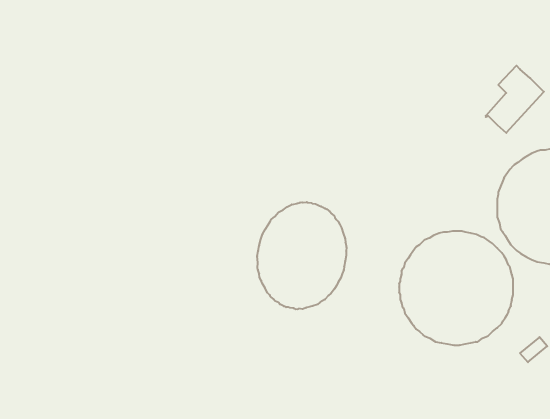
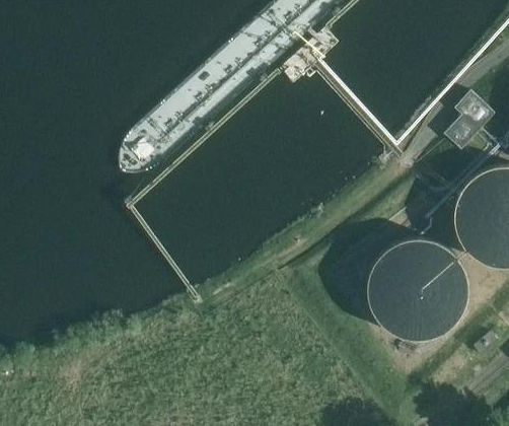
building: [257,202,346,309] -> none

